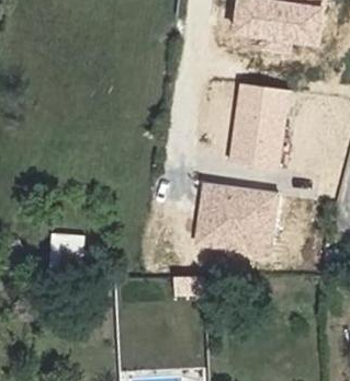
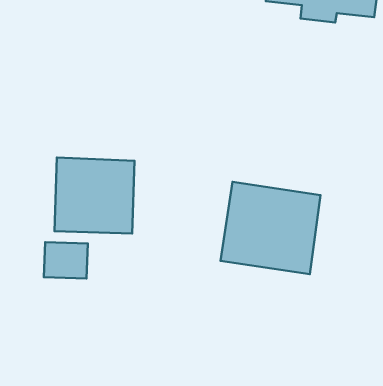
building: [229,83,291,170] -> none
building: none -> [55,157,134,234]

